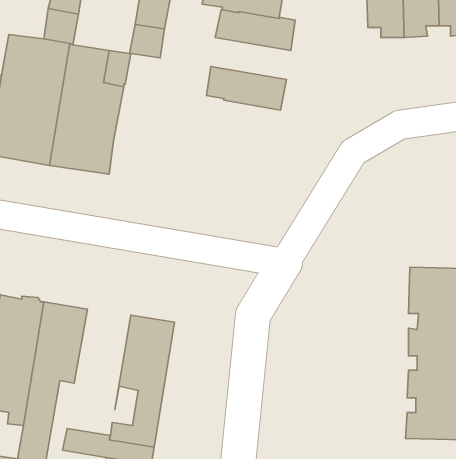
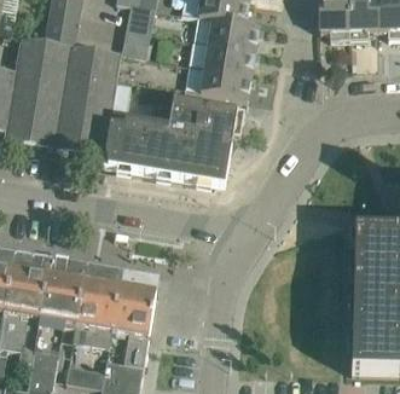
building: none -> [189,39,255,74]
building: none -> [104,102,244,184]
building: none -> [73,265,122,348]

